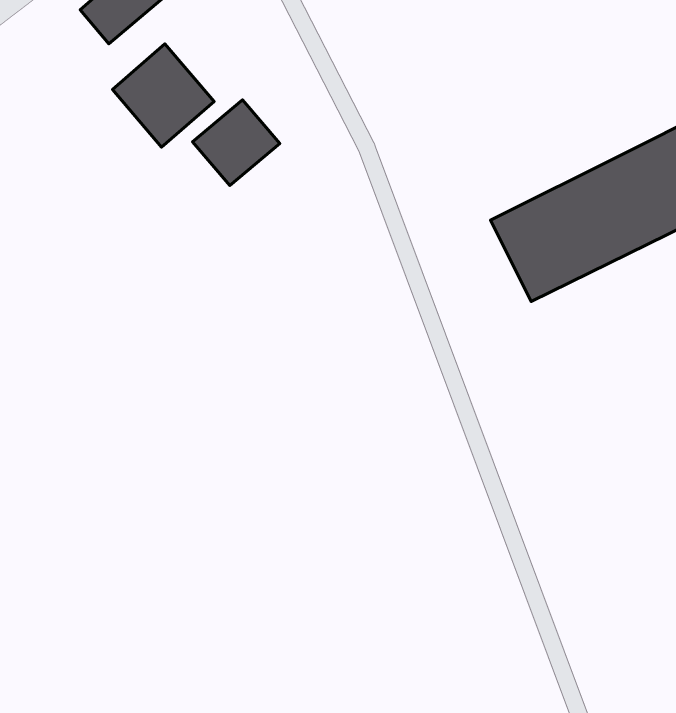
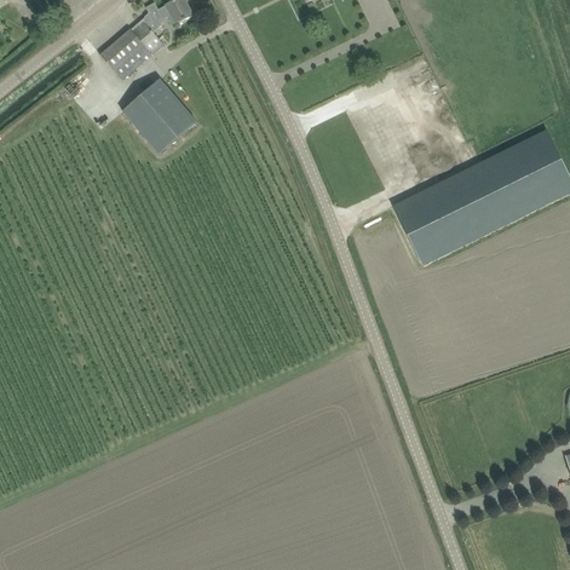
building: [193,100,280,186] -> none

